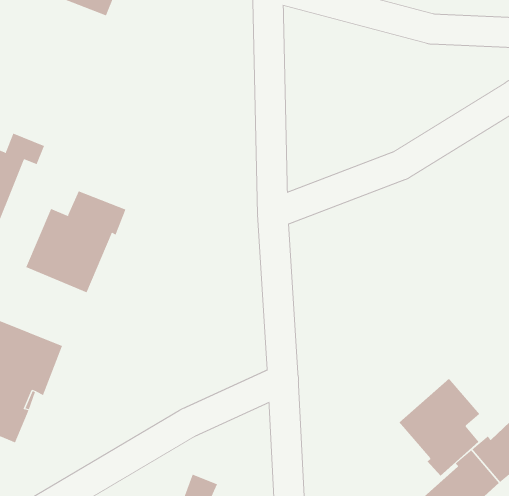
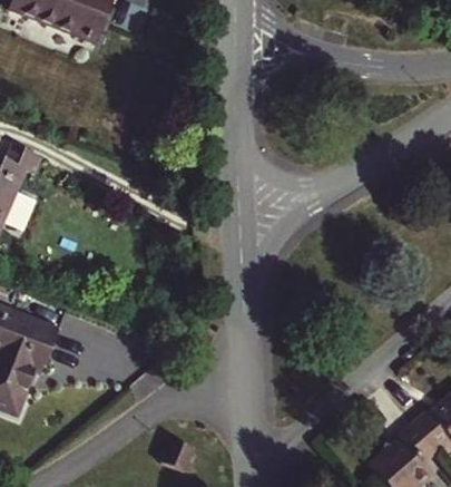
building: [26,190,126,293] -> none
building: [399,378,480,477] -> none

